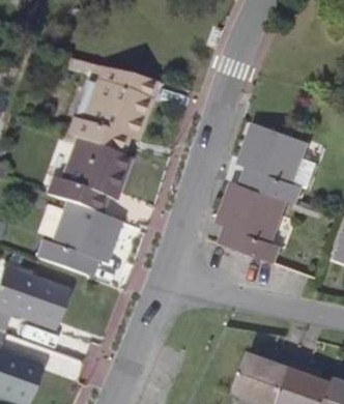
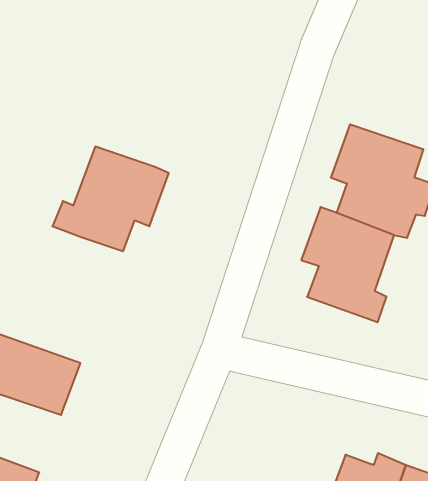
building: [67,67,155,153] -> none
building: [37,203,119,277] -> none

